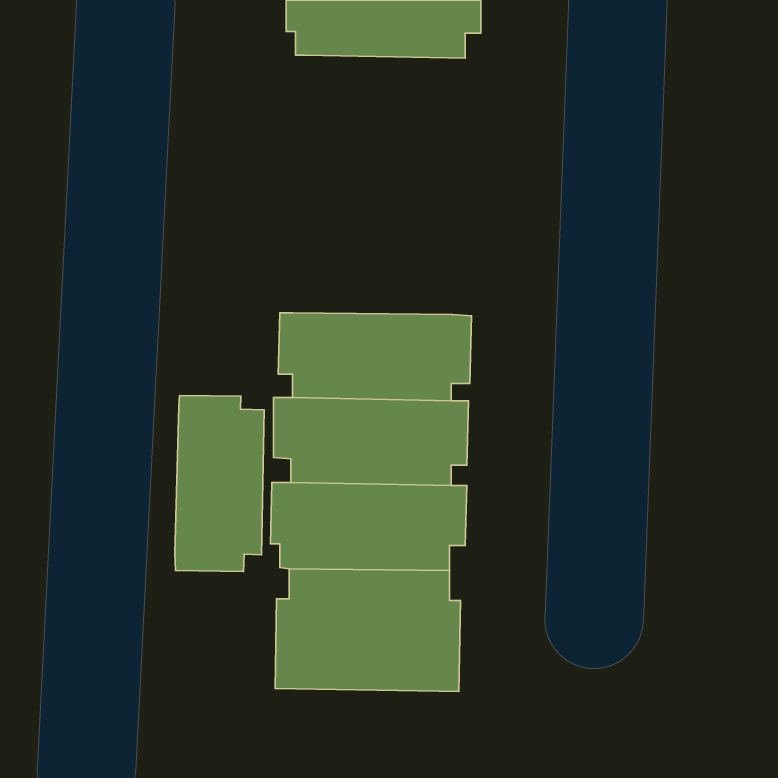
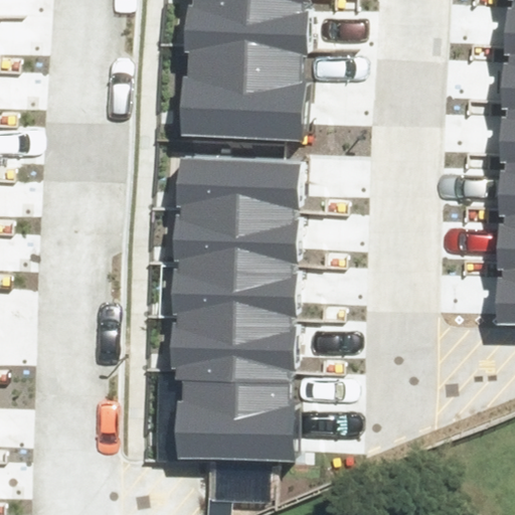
building: none -> [186,51,304,131]
building: none -> [179,162,302,217]
building: [175,395,264,571] -> none

